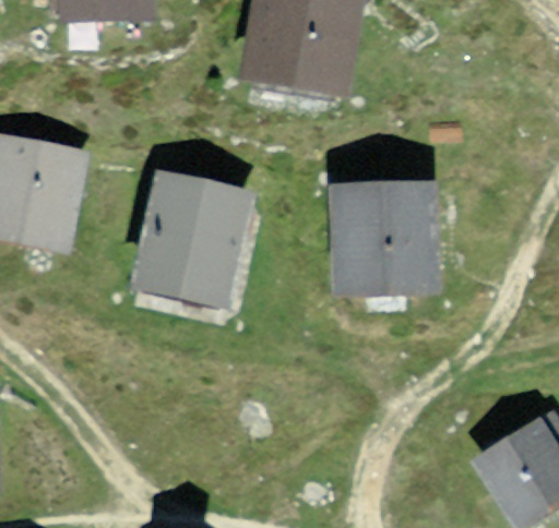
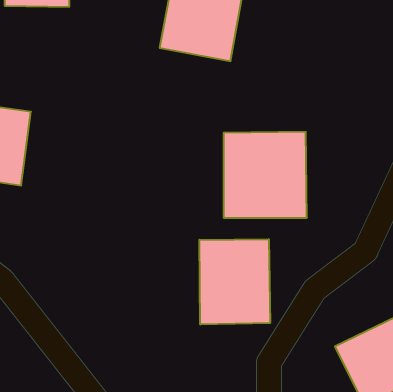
building: [130,176,253,312] -> none
building: none -> [199,239,270,325]

